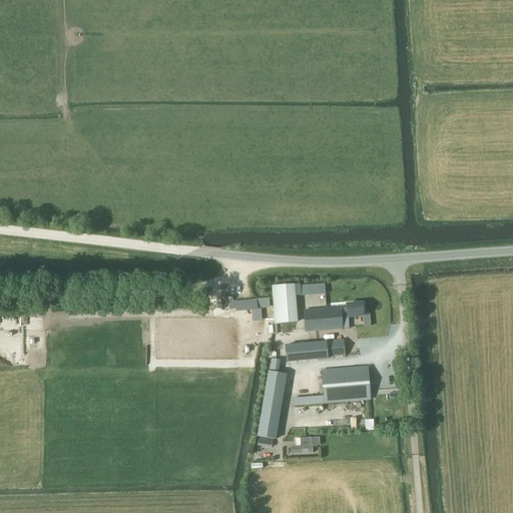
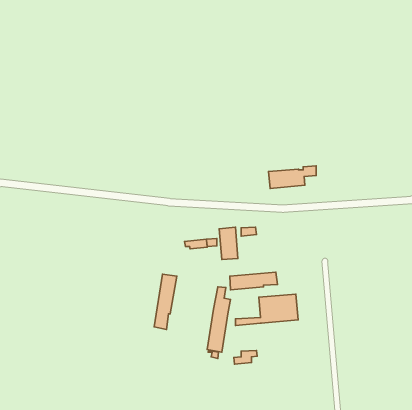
building: [304,302,363,330] -> [269,166,316,188]
building: none -> [154,274,177,329]

